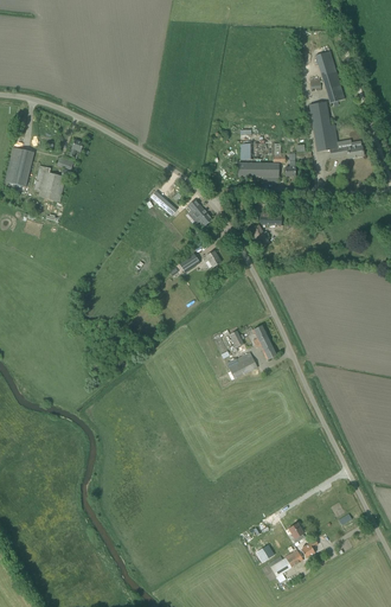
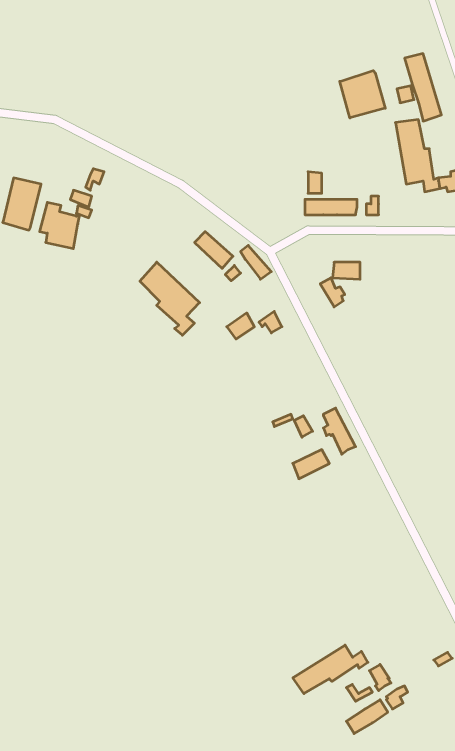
building: none -> [340,71,385,118]
building: none -> [140,262,200,335]
building: none -> [293,645,368,694]

